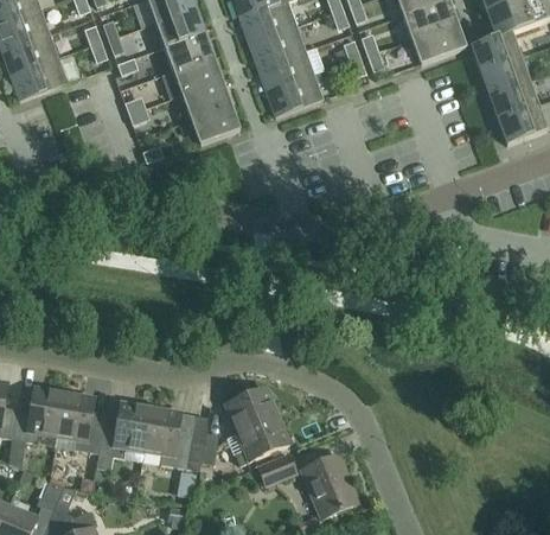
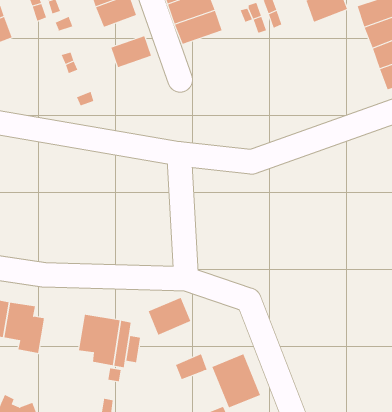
building: [173,55,222,93] -> none
building: [266,72,322,115] -> none
building: [190,102,239,142] -> none
building: [95,401,151,467] -> none
building: [234,414,288,463] -> none

